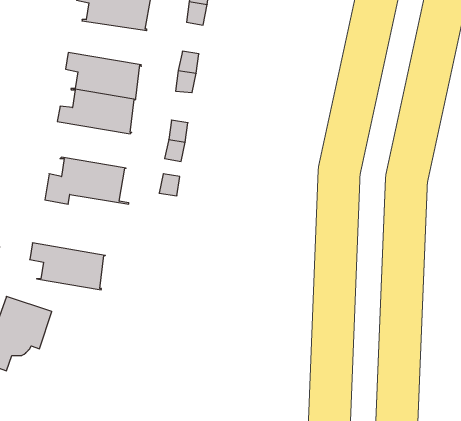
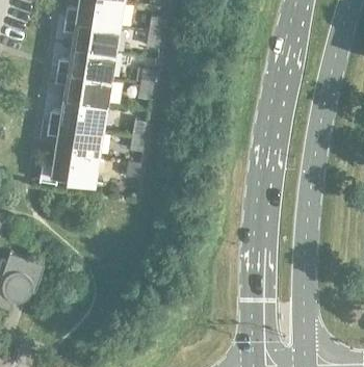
building: none -> [56,47,115,80]
building: [30,243,105,290] -> [46,123,103,158]

